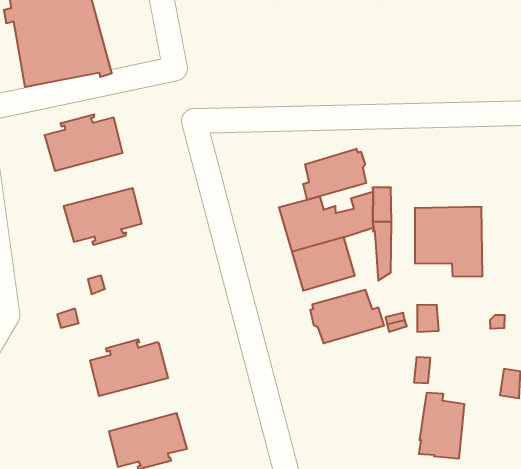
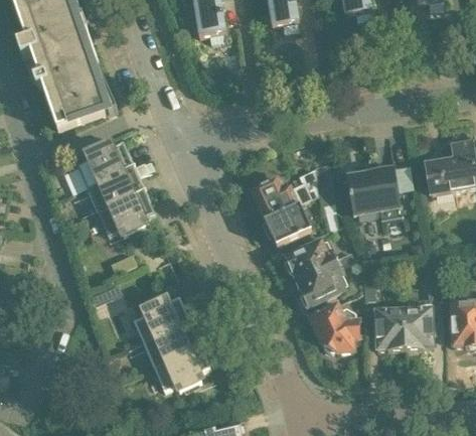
building: [303,149,366,200] -> none
building: none -> [87,166,144,210]
building: none -> [296,261,344,306]
building: none -> [142,321,199,366]
building: none -> [308,302,359,350]
building: none -> [403,302,433,347]

